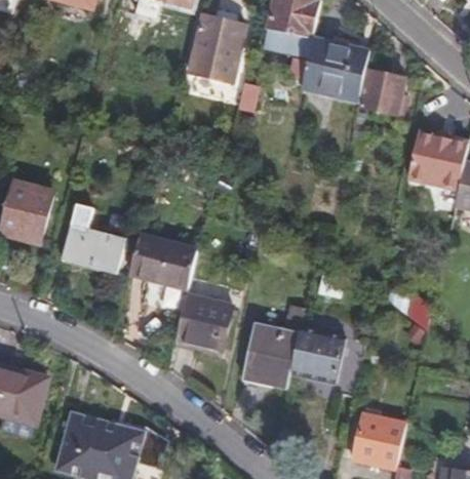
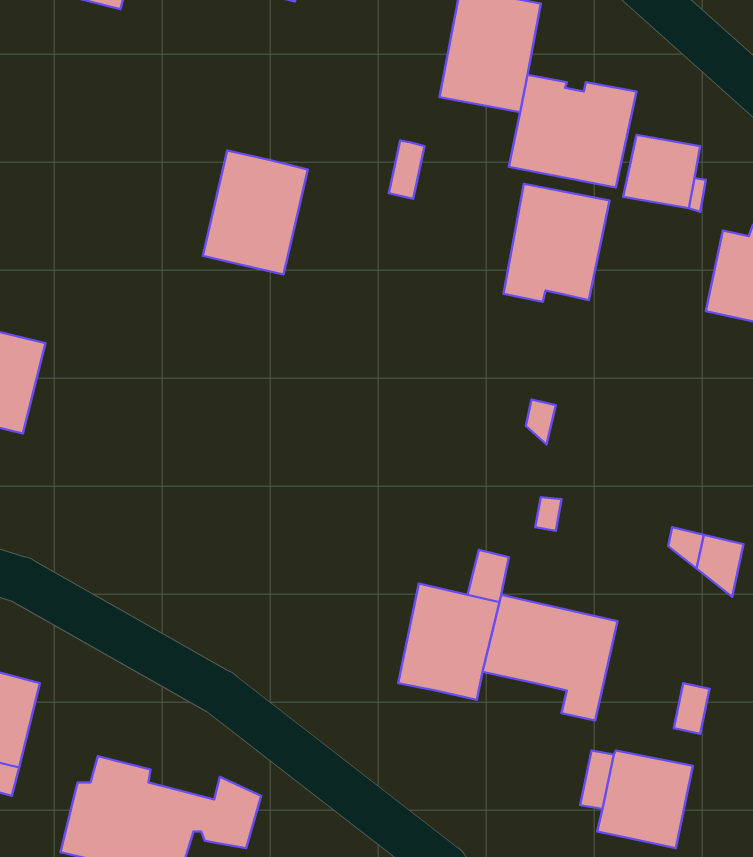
building: [189,22,246,89] -> [203,151,308,275]
building: none -> [504,184,610,302]
building: [61,227,124,274] -> none
building: [128,235,195,286] -> none
building: [178,296,232,349] -> none

